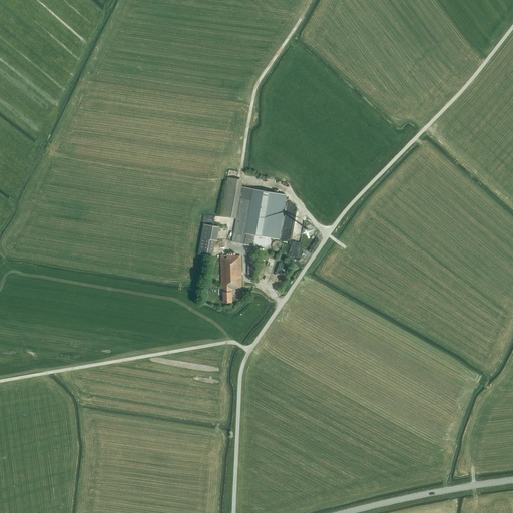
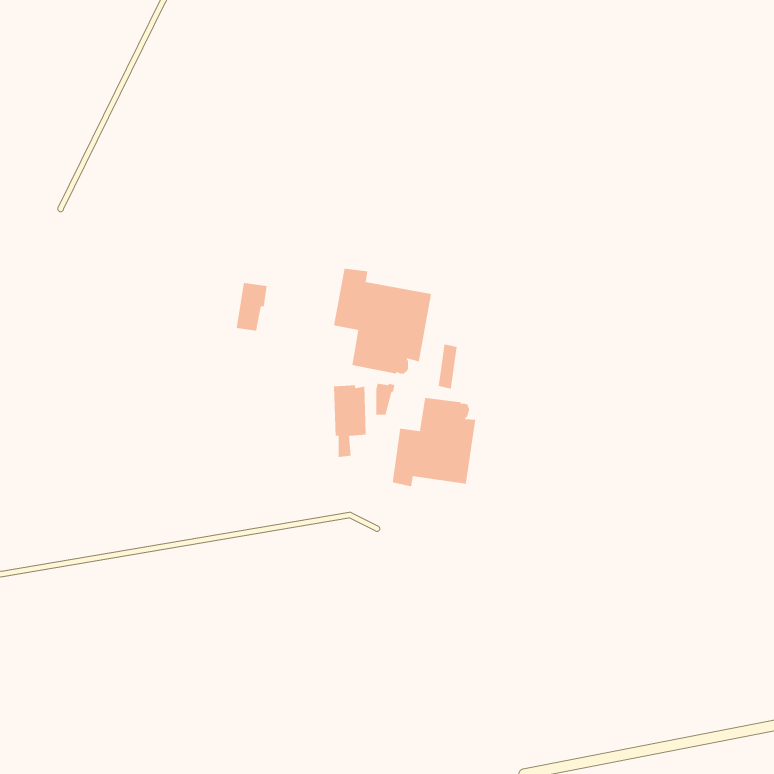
building: [198,224,219,256] -> [236,283,267,331]
building: none -> [392,397,476,487]

